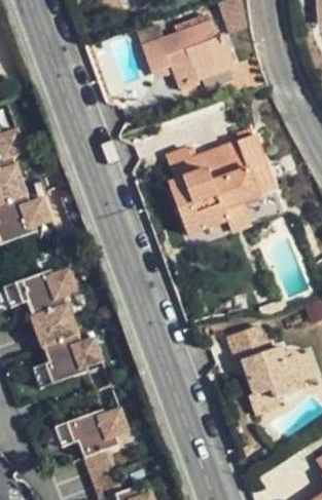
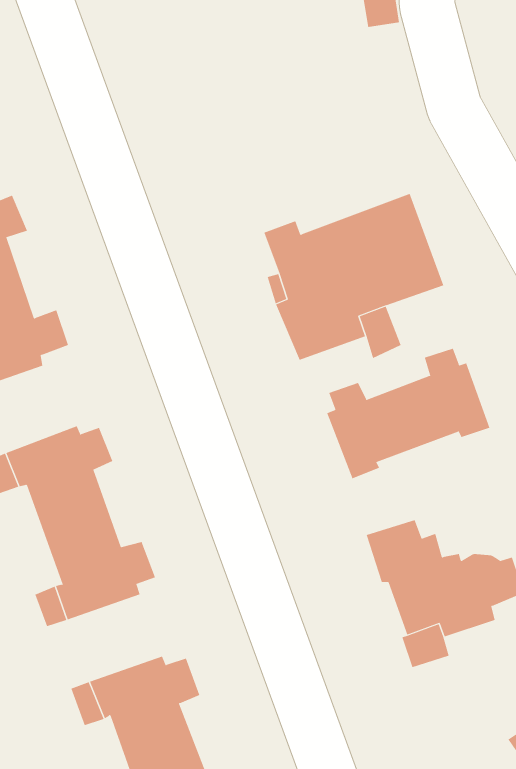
building: [142,22,232,91] -> none
building: none -> [327,348,490,479]

